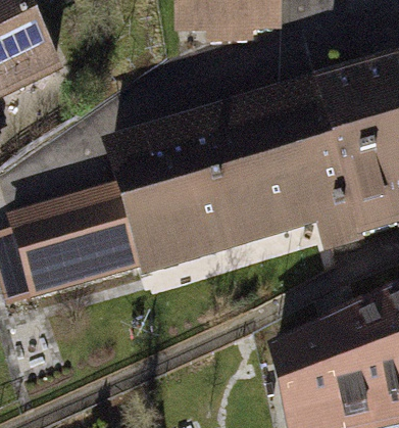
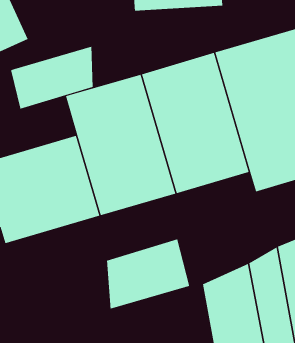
building: none -> [10,46,93,110]
building: none -> [106,238,190,310]

